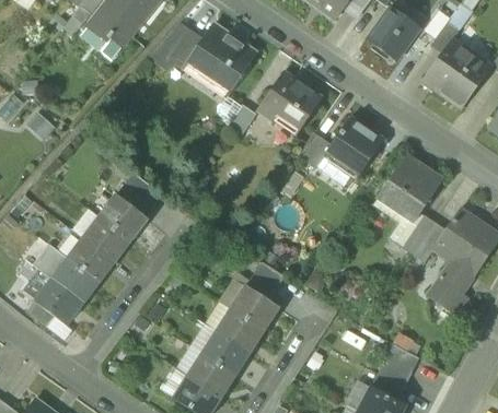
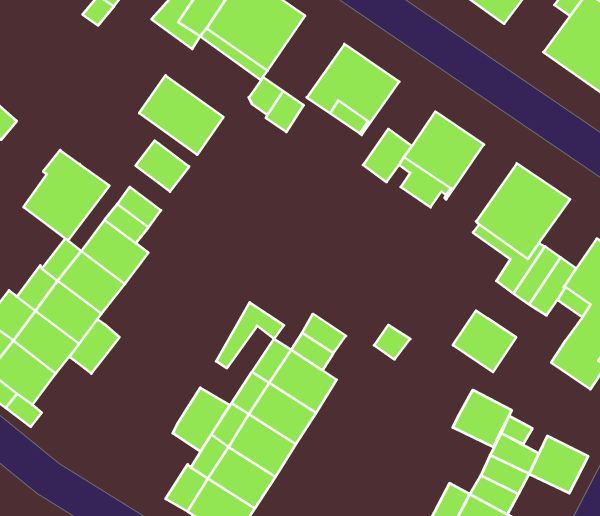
building: none -> [139,75,223,155]
building: none -> [136,141,189,192]
building: none -> [24,150,109,240]
building: none -> [216,302,284,368]
building: none -> [453,311,516,372]
building: none -> [70,319,119,374]
building: none -> [173,388,230,451]
building: none -> [453,390,512,447]
building: none -> [529,436,588,493]

